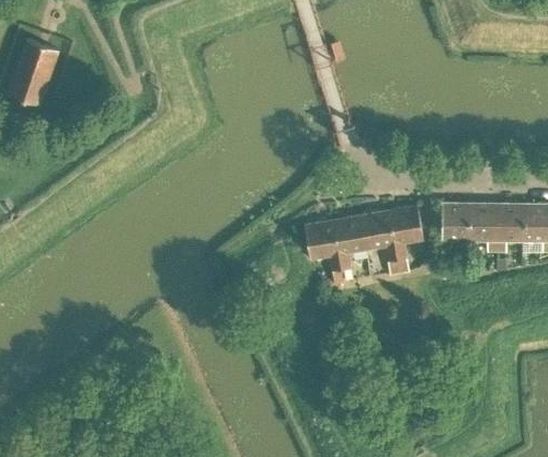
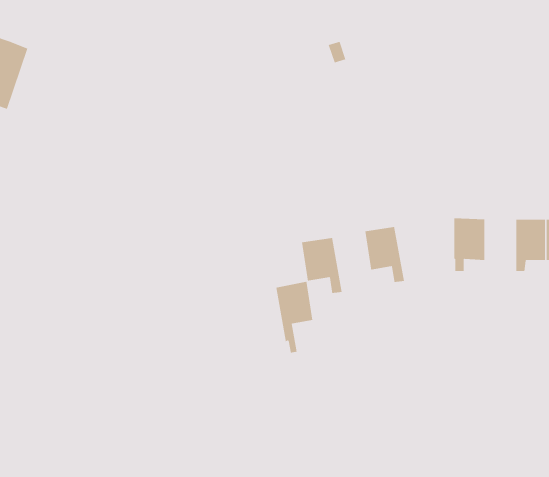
building: [470,203,498,250] -> none
building: [389,204,424,259] -> none
building: [333,214,367,278] -> [276,281,313,353]

